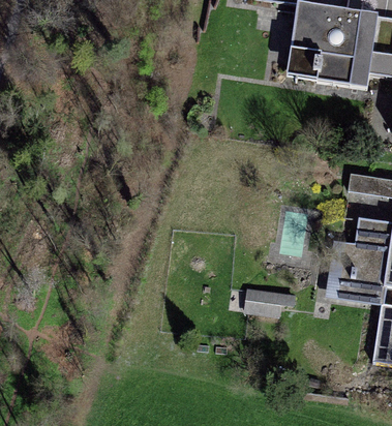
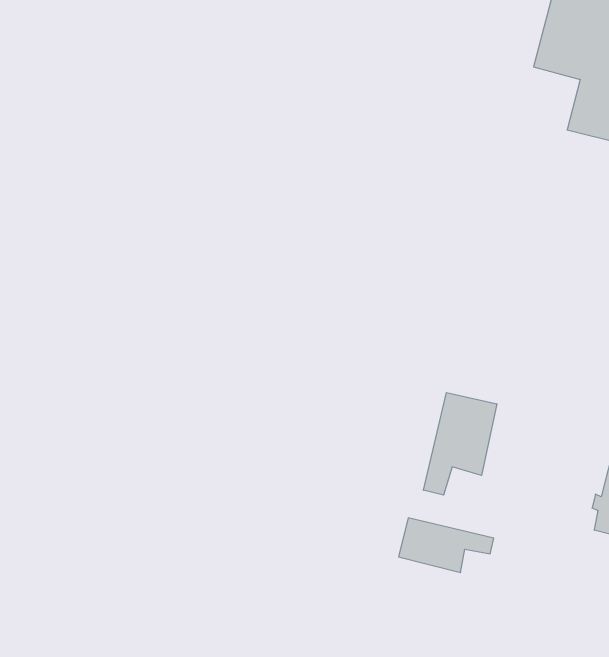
building: none -> [423,393,497,495]

